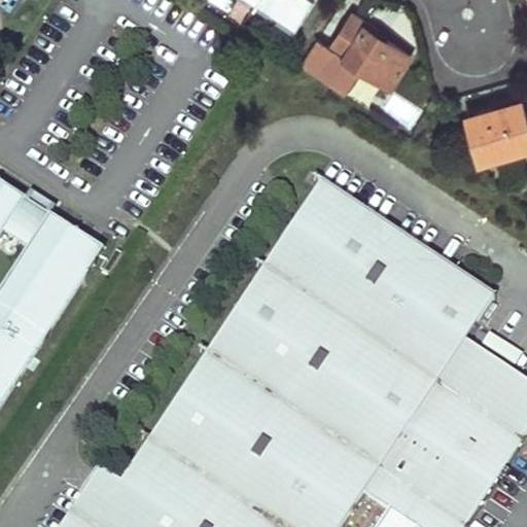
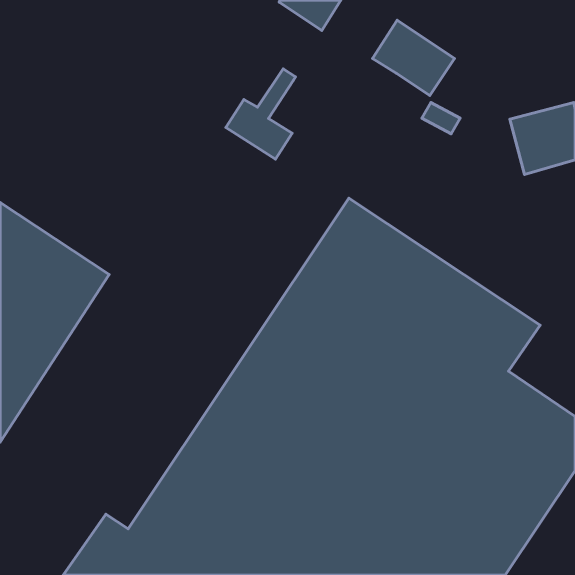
building: [302,8,365,91] -> [226,69,296,159]

